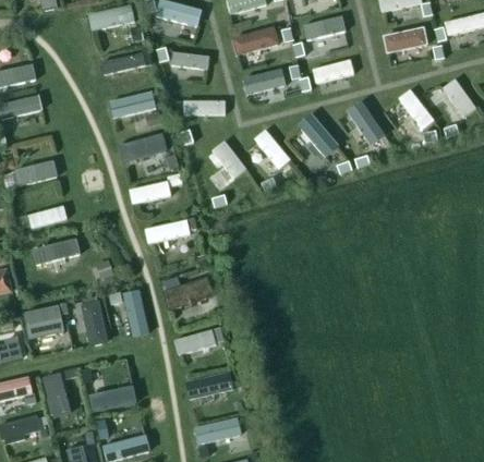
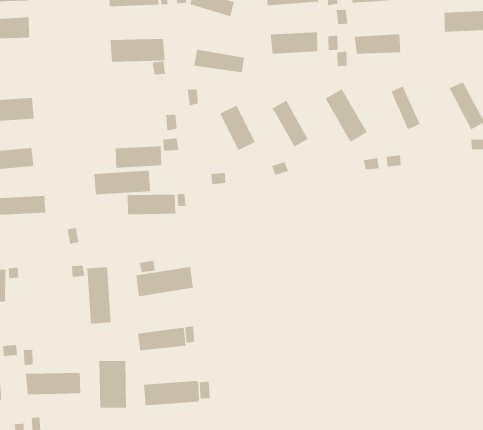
building: [118,136,168,165] -> [93,170,151,195]
building: [81,303,107,349] -> none
building: none -> [99,360,126,409]

